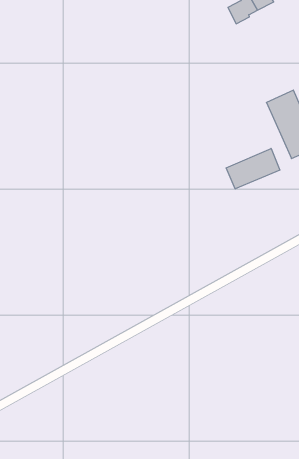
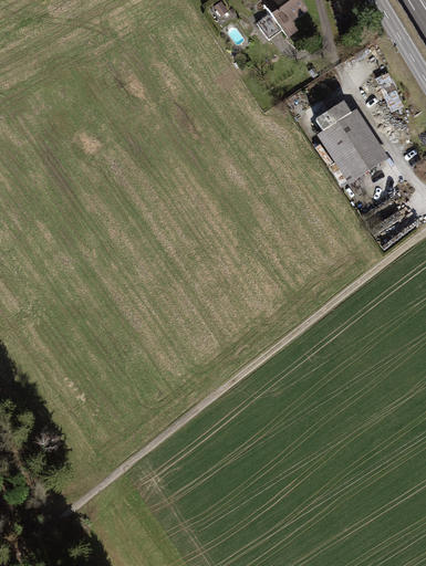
building: [226,148,280,189] -> none

